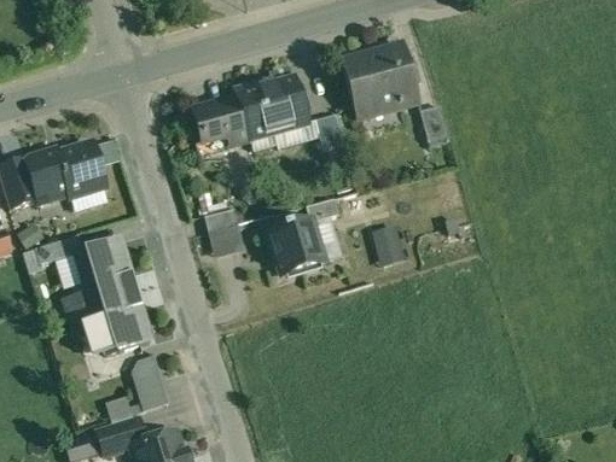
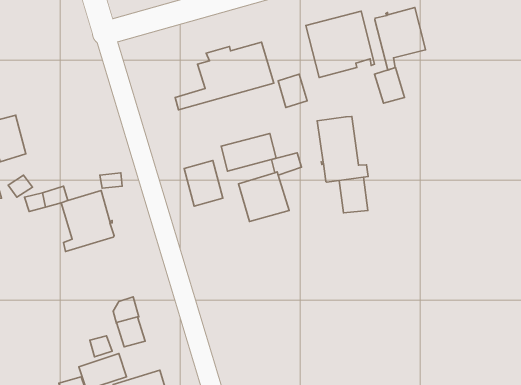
building: none -> [375,8,425,70]
building: [192,101,232,138] -> none
building: [25,142,104,200] -> none
building: none -> [317,116,368,182]
building: none -> [221,133,276,171]
building: [80,290,149,353] -> none

